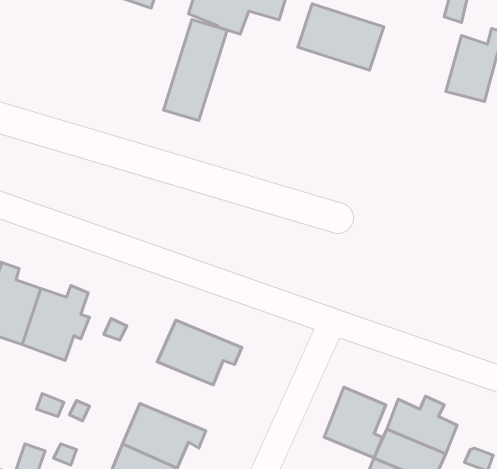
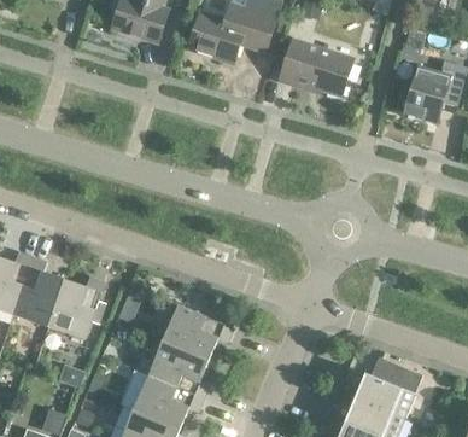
building: [163,20,227,121] -> none
building: none -> [147,340,209,398]
building: [324,387,386,458] -> none

